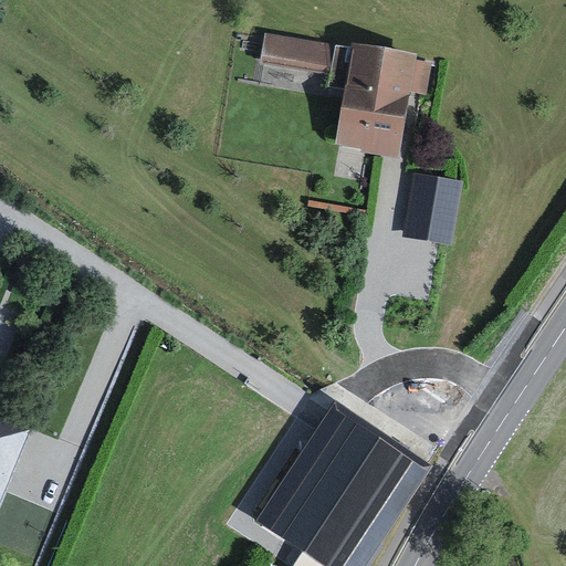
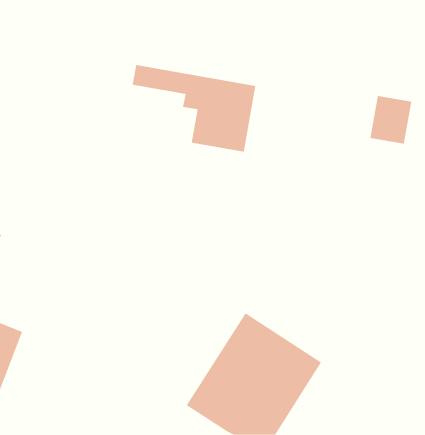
building: [265,36,427,150] -> [132,65,256,152]
building: [406,174,461,237] -> [370,96,412,144]

